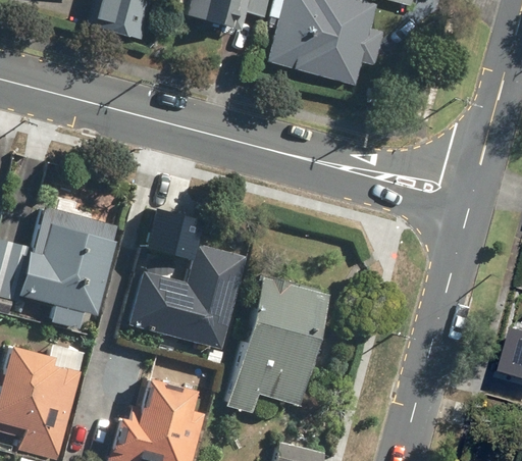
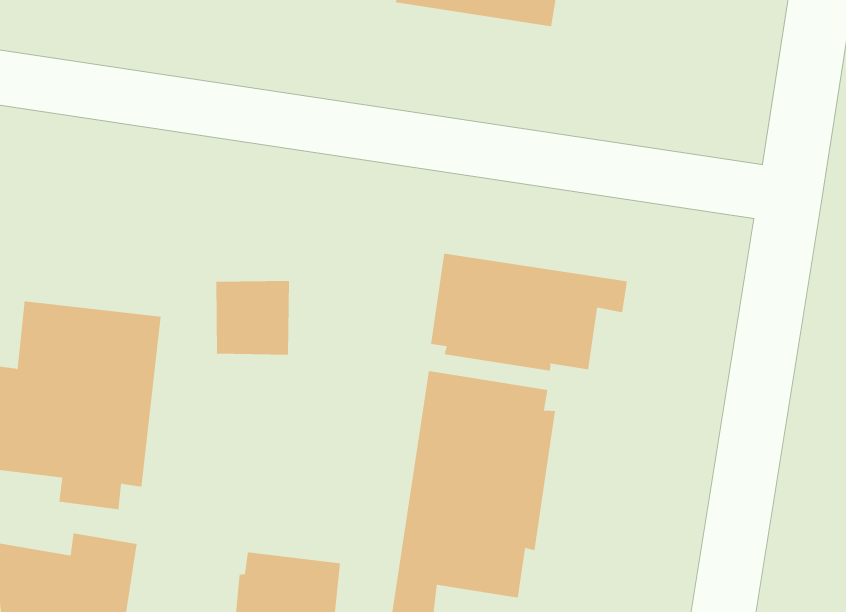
building: none -> [431,253,628,371]
building: [123,242,242,347] -> none

